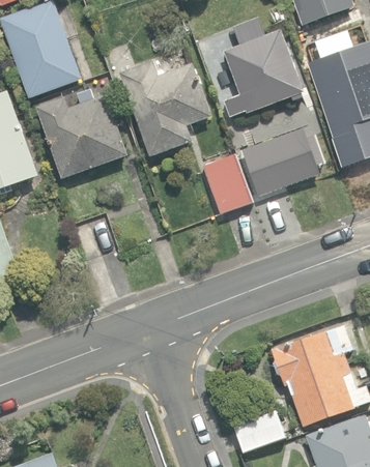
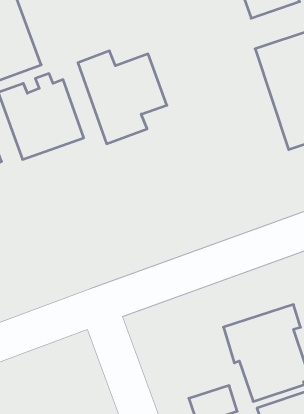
building: [222,13,304,113] -> none
building: [240,123,319,193] -> none
building: [202,154,253,214] -> none

